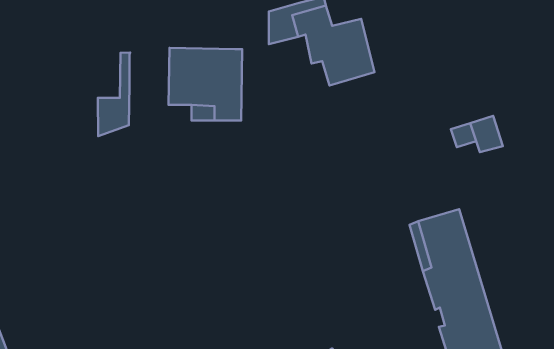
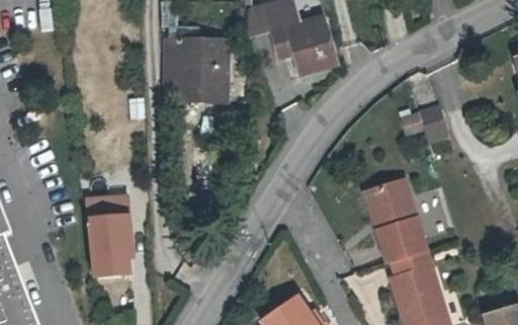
building: [98,52,130,136] -> none
building: none -> [87,188,133,267]

